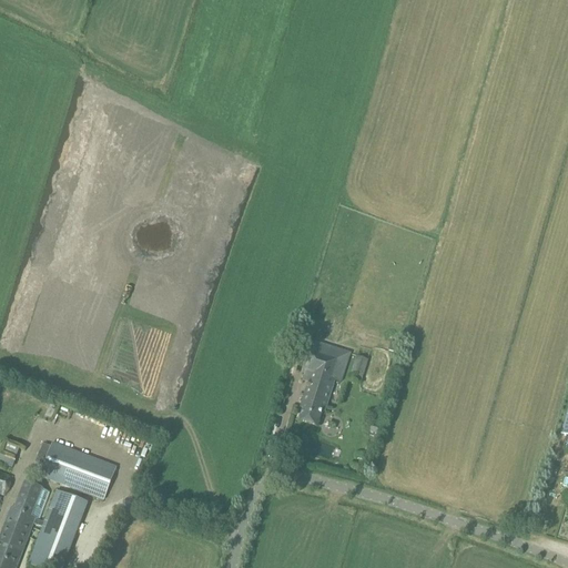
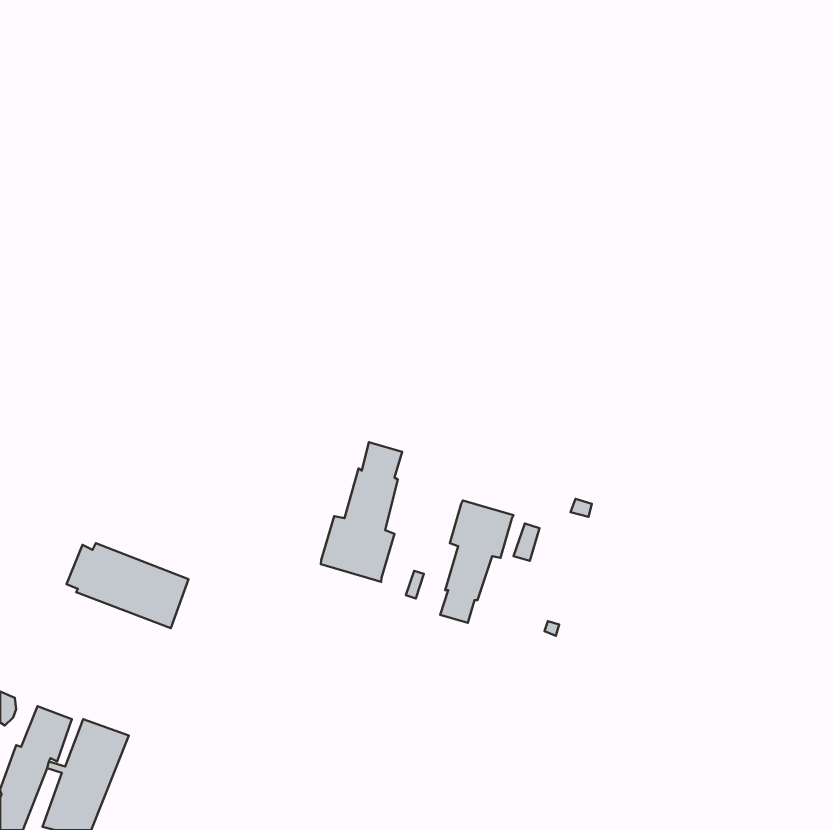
building: none -> [321,442,402,582]
building: [32,440,115,498] -> [66,543,189,628]

